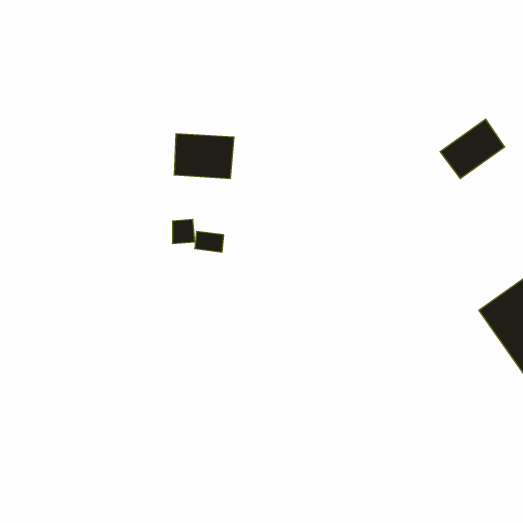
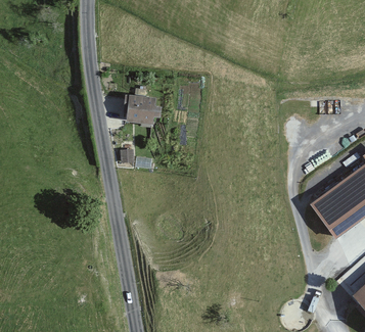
building: [440,119,505,179] -> none

